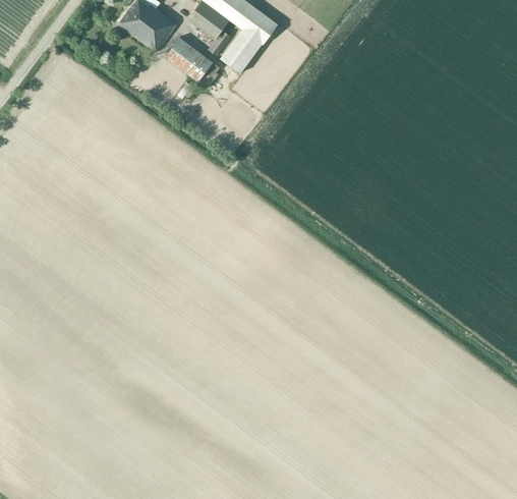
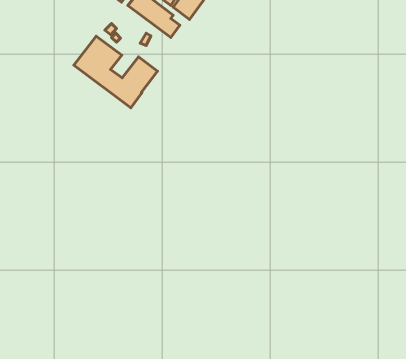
building: none -> [74,36,158,108]

